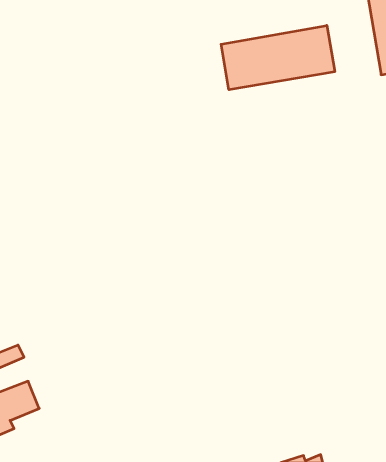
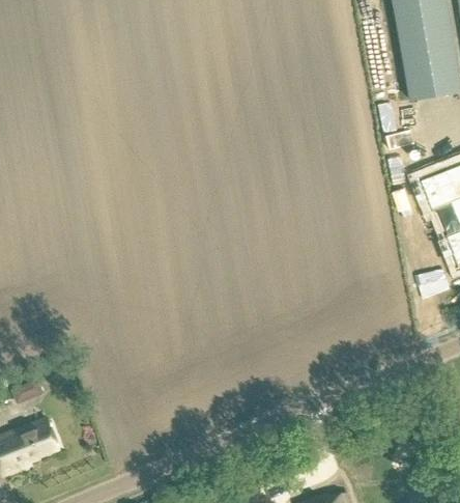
building: [221,25,335,90] -> none

